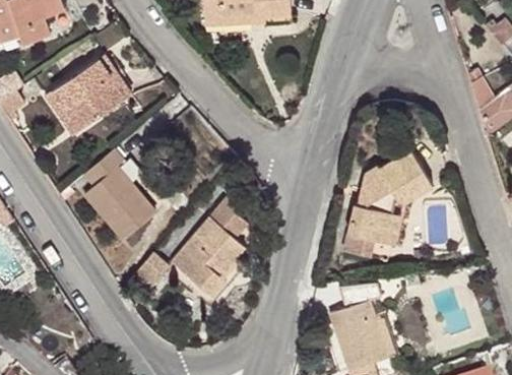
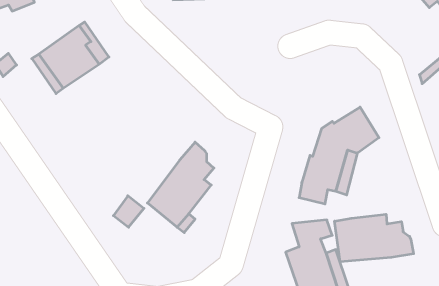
building: [85,146,157,239] -> none
building: none -> [335,214,414,262]

